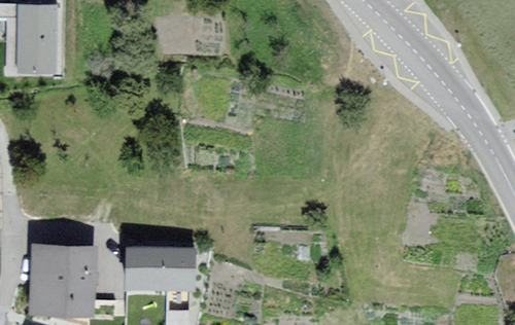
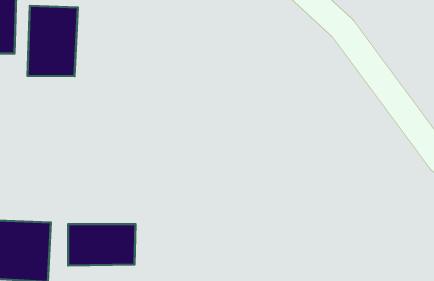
building: none -> [28,6,78,76]

